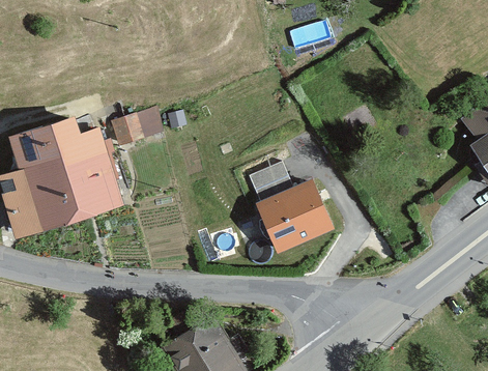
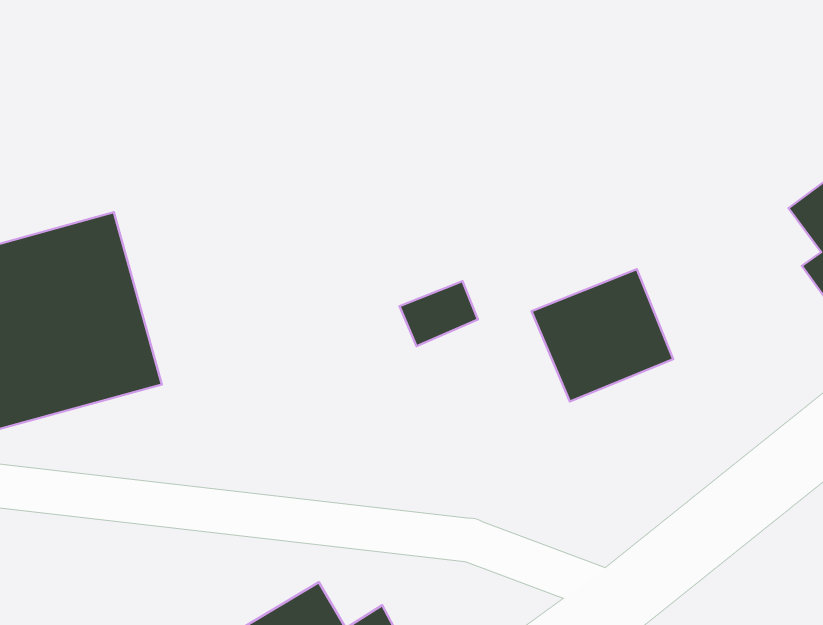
building: [113,101,167,140] -> none
building: [257,181,334,253] -> [531,269,673,401]

